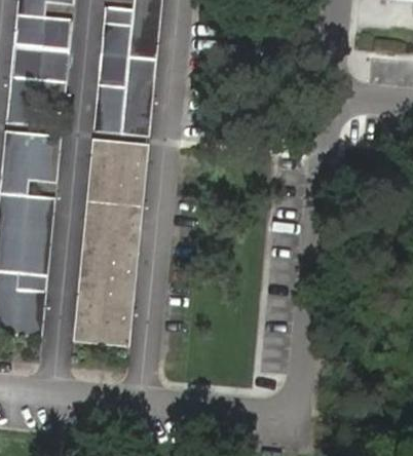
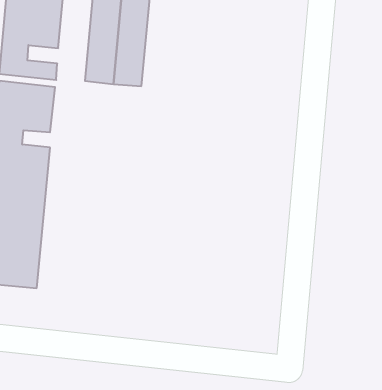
building: [75,136,149,343] -> none

